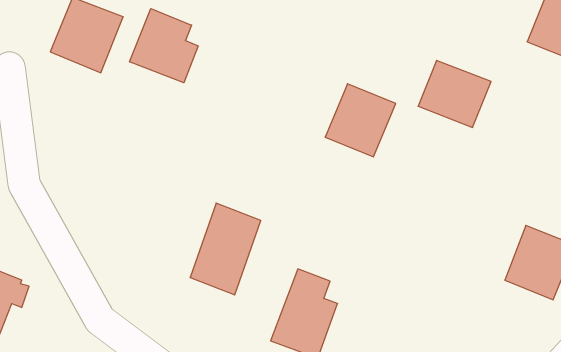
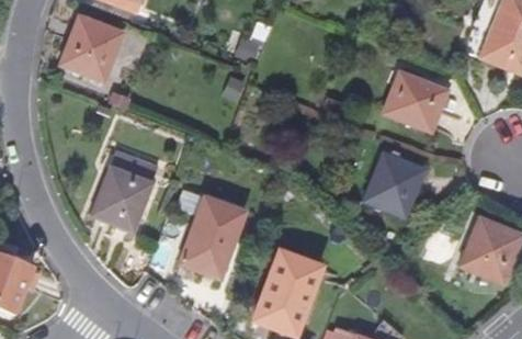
building: [130,9,198,83] -> none
building: [325,84,396,157] -> [363,152,425,217]
building: none -> [92,150,158,229]

